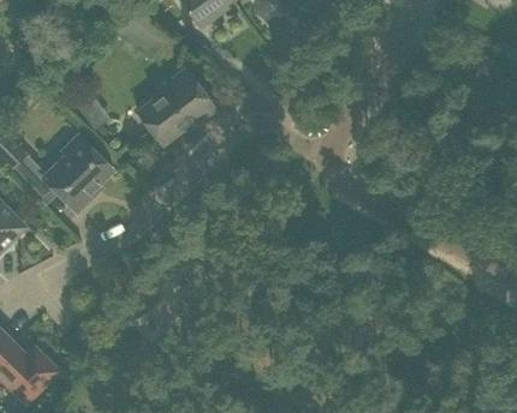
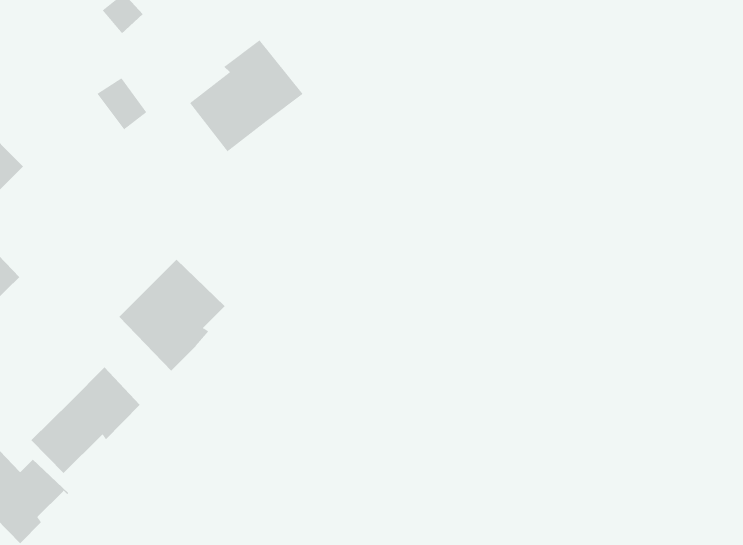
building: [42,138,113,213] -> [118,259,226,371]
building: none -> [31,366,141,474]

